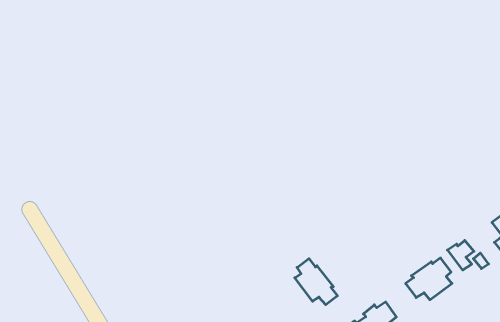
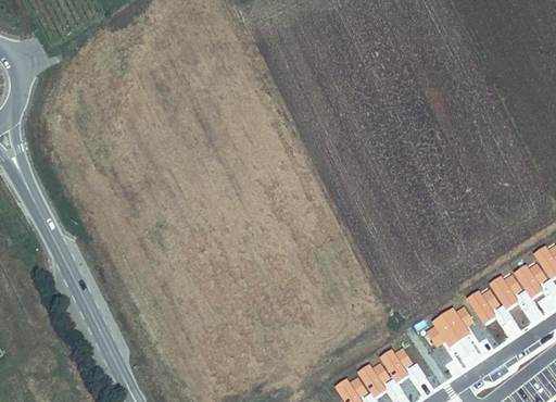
building: none -> [494,273,520,304]
building: [295,259,337,305] -> none

